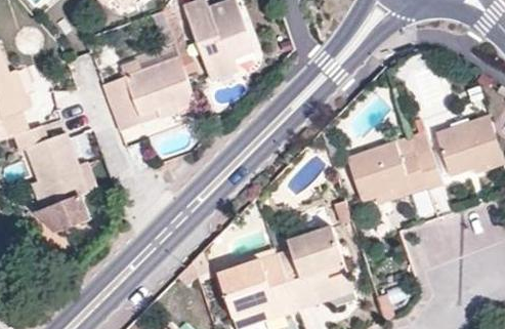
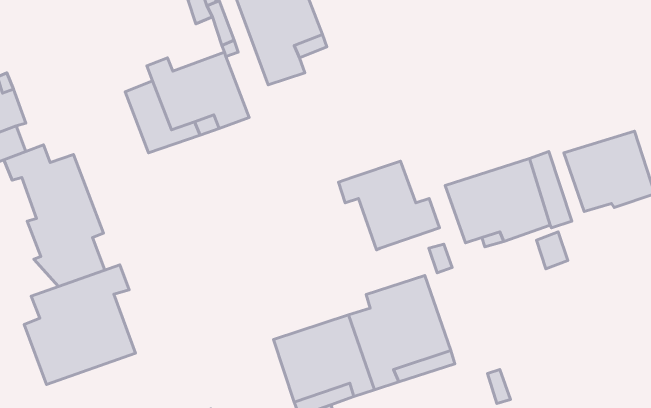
building: none -> [338,161,440,250]
building: none -> [24,265,135,384]

